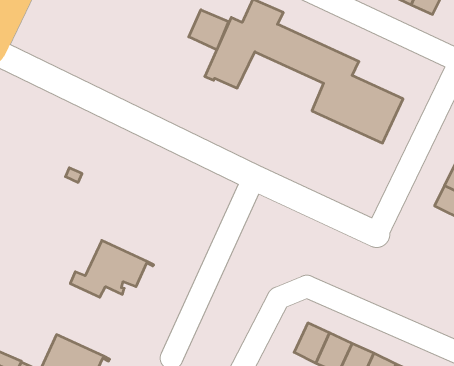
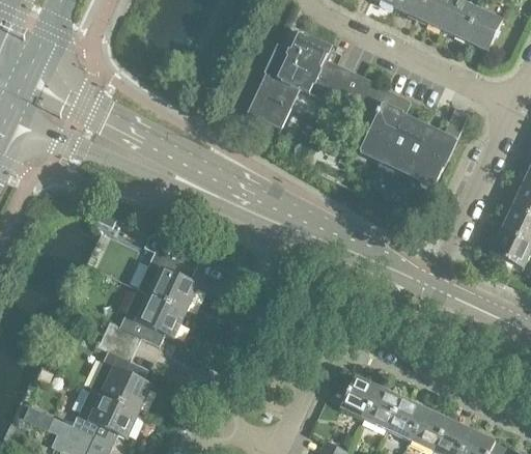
building: [189,10,229,50] -> none
building: none -> [138,233,201,314]
building: none -> [90,334,151,414]

